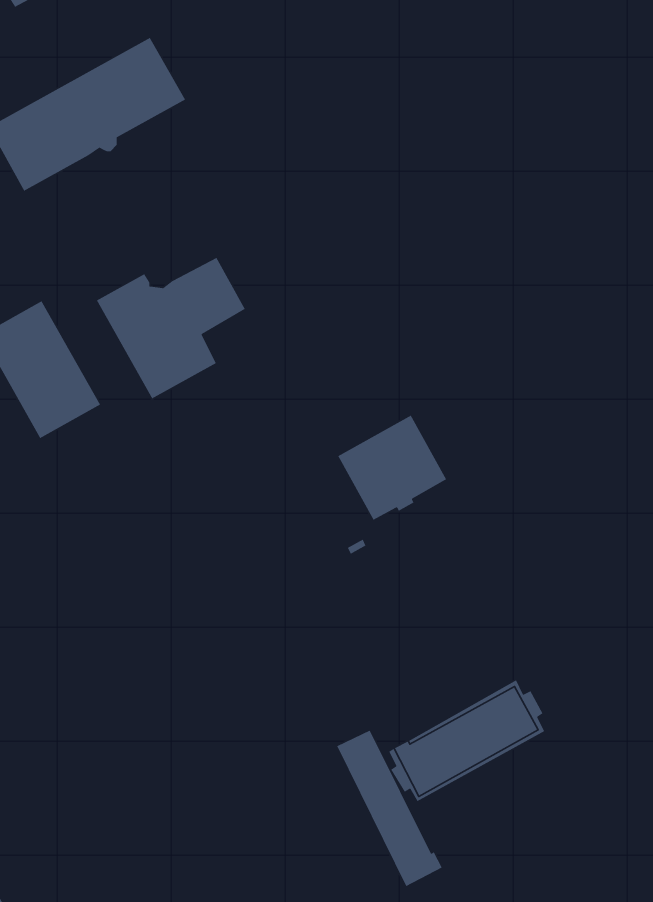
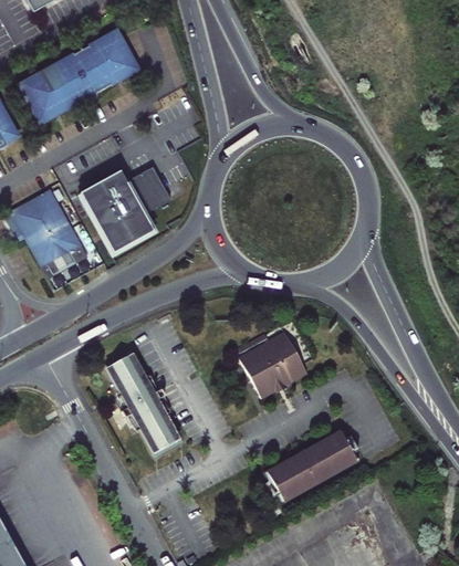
building: [337,414,447,521] -> [237,328,304,394]
building: none -> [102,349,181,455]
building: [336,729,443,887] -> none

